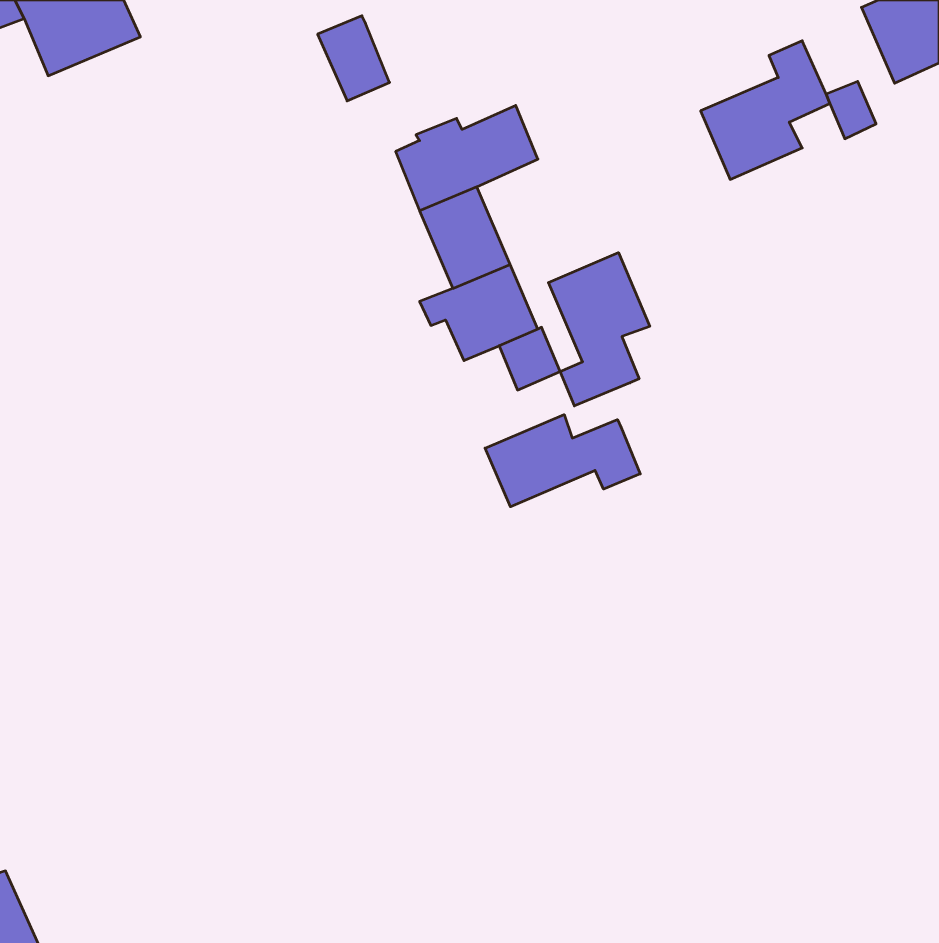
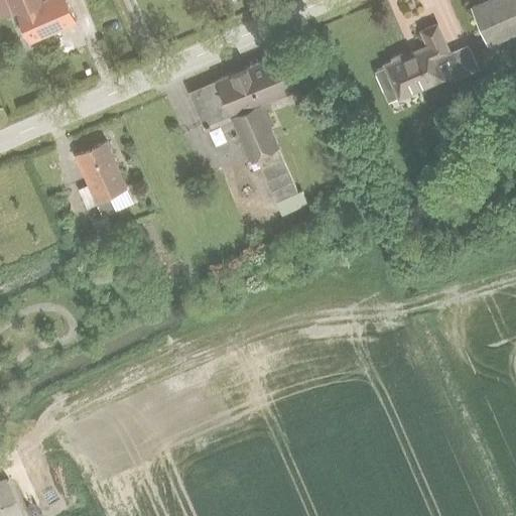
building: [318,16,390,101] -> [189,80,229,126]
building: none -> [73,138,126,201]
building: [548,253,650,406] -> none
building: [485,415,640,507] -> none

